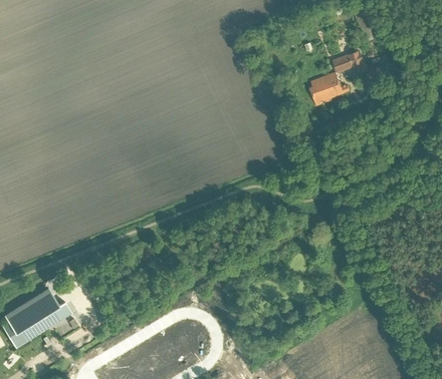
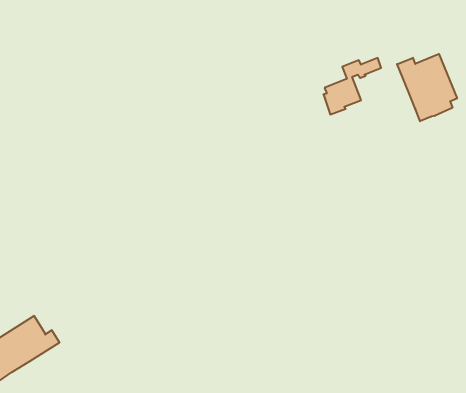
building: none -> [397,54,457,121]

